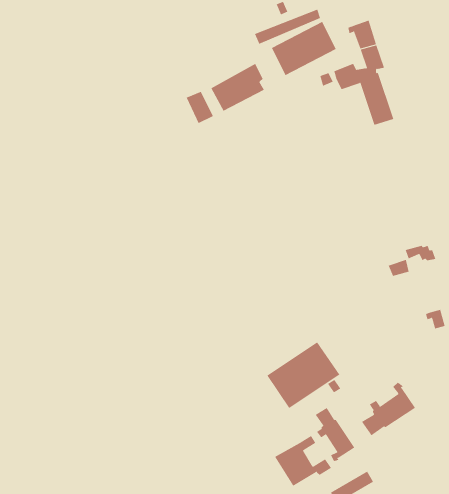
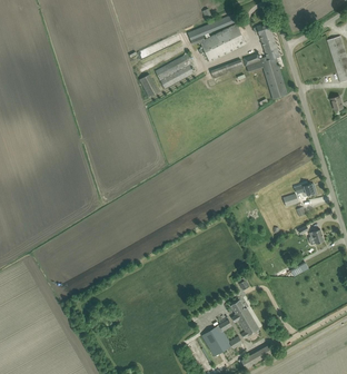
building: [266,341,340,409] -> none
building: [361,382,416,436] -> none

